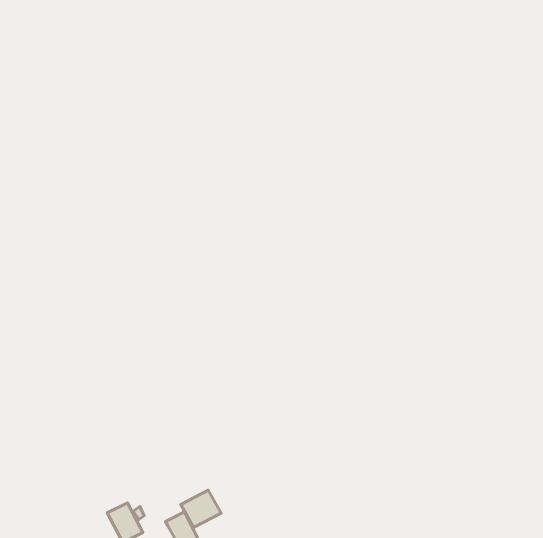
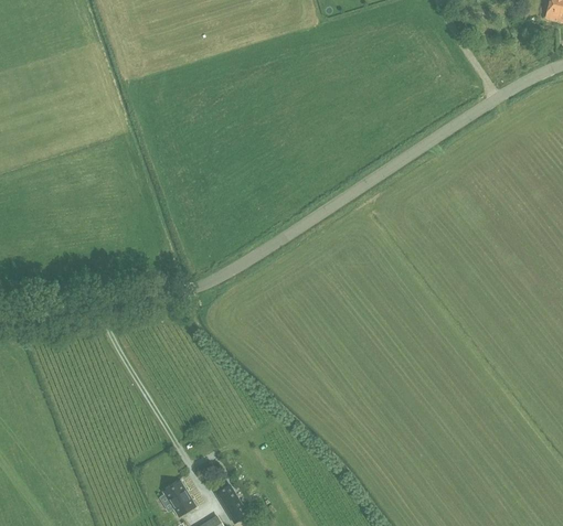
building: [181,490,221,527] -> none

